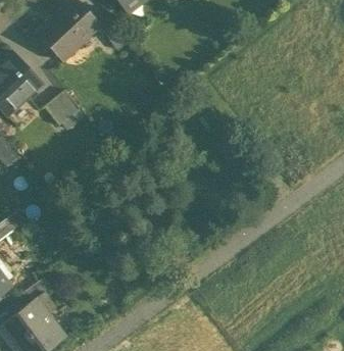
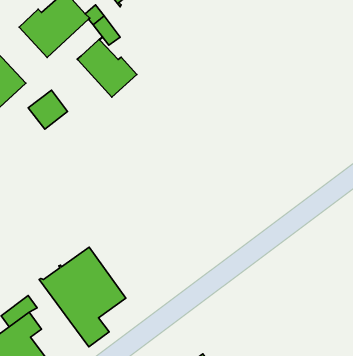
building: none -> [77,36,137,97]
building: none -> [39,247,126,347]

